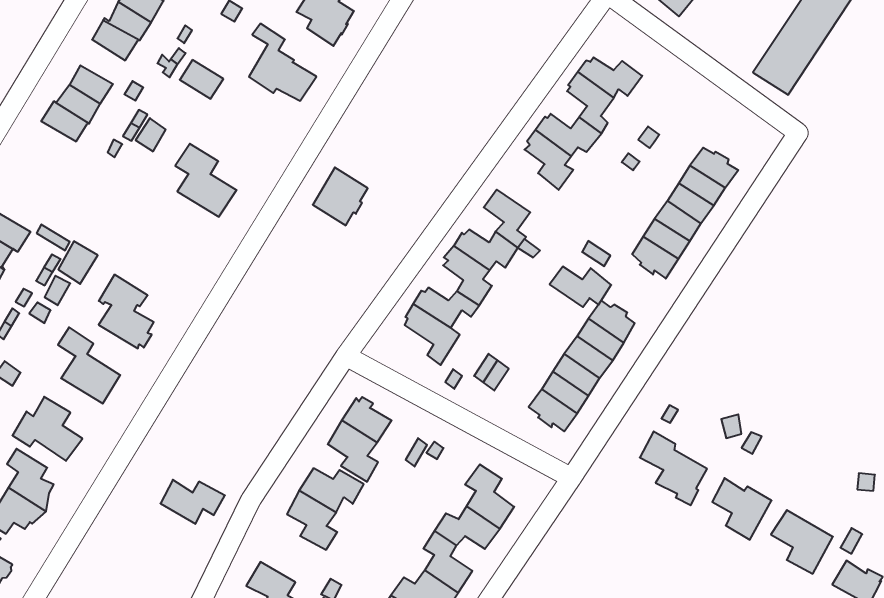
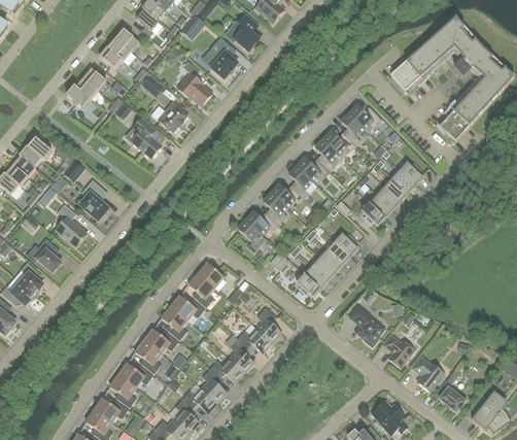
building: [313,167,368,225] -> [158,101,187,132]
building: [550,267,611,307] -> [297,158,329,180]
building: [160,480,225,524] -> [144,329,178,353]

